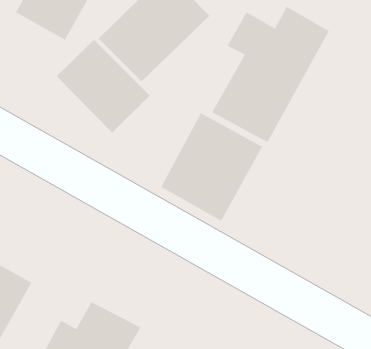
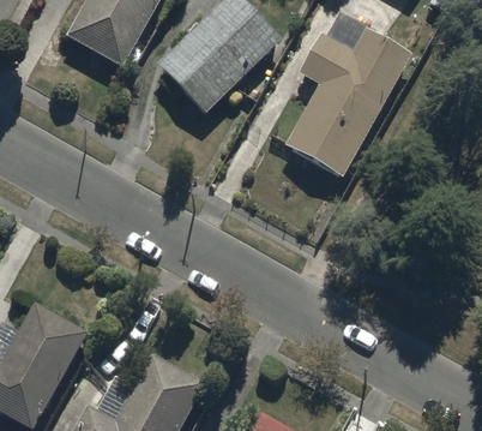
building: [56,39,151,133] -> none
building: [160,112,263,222] -> none

